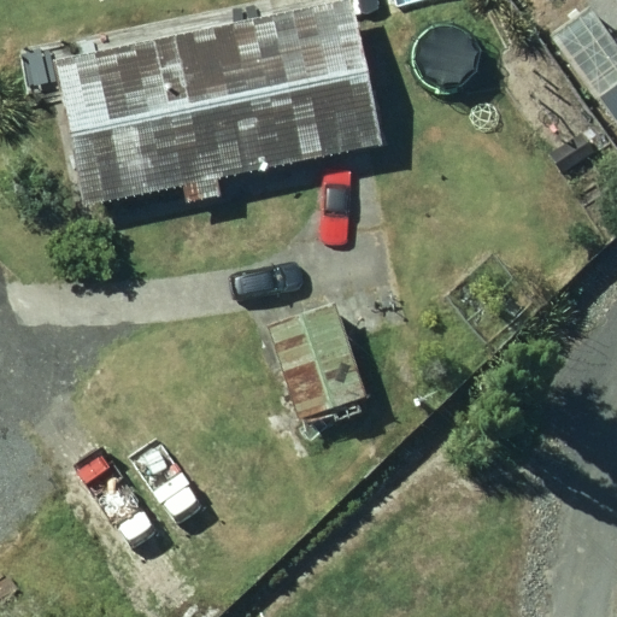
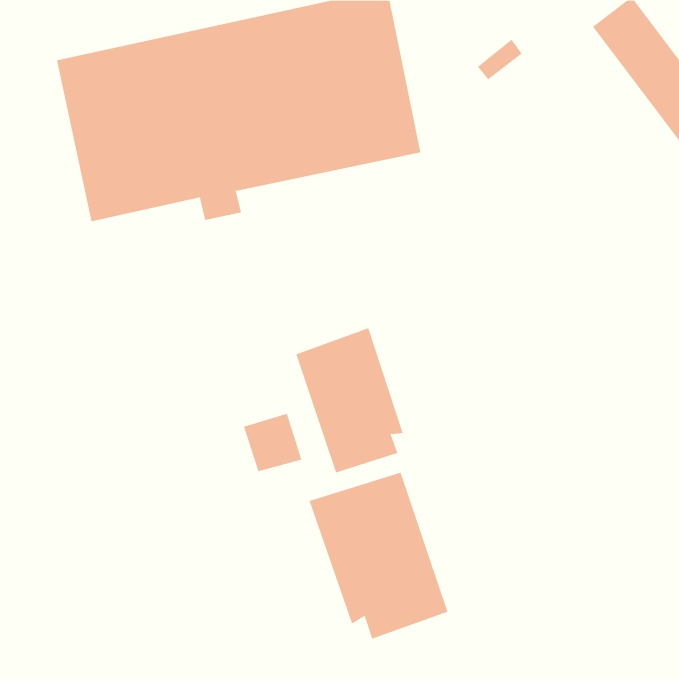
building: none -> [309,472,448,639]

